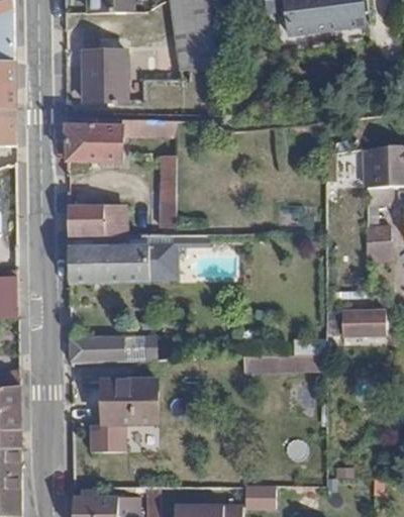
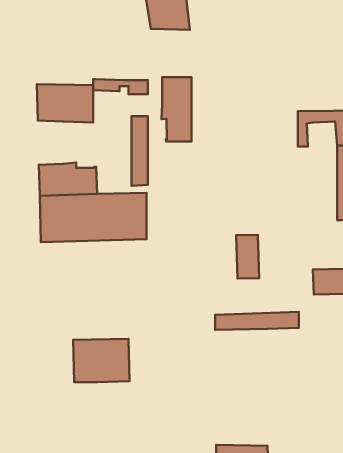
building: [82,50,126,102] -> none
building: none -> [162,77,192,141]
building: none -> [236,235,259,278]
building: [71,334,158,361] -> none
building: [90,423,125,451] -> none

